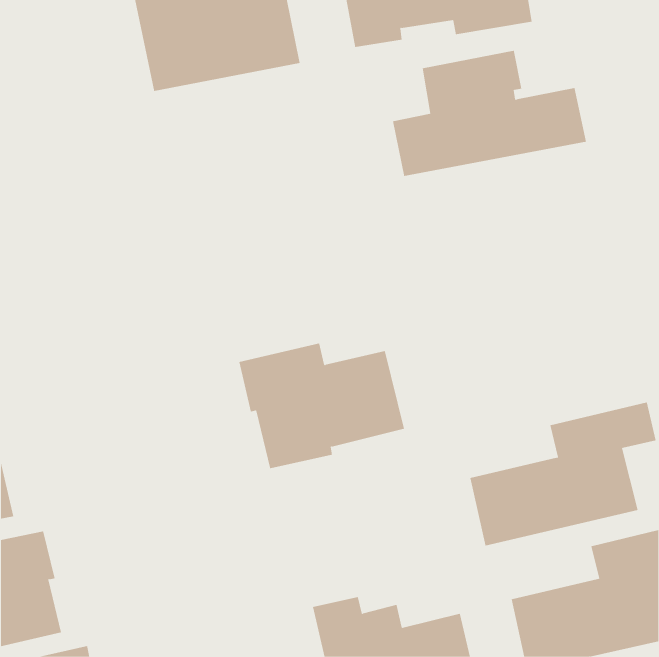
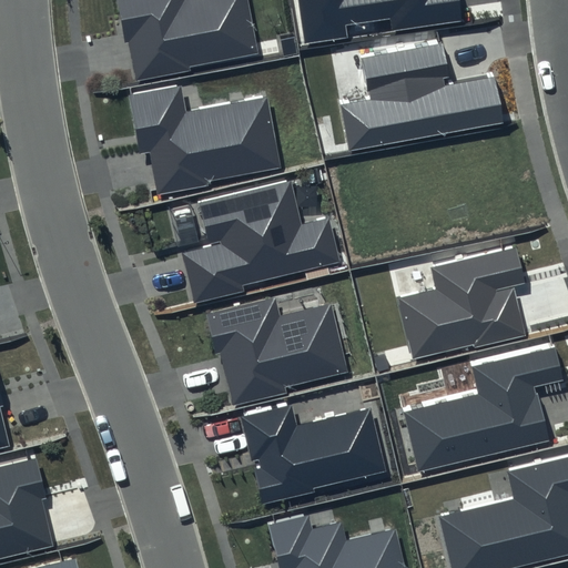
building: none -> [128,84,280,191]
building: none -> [182,179,341,303]
building: none -> [398,245,526,359]
building: none -> [241,405,386,503]

